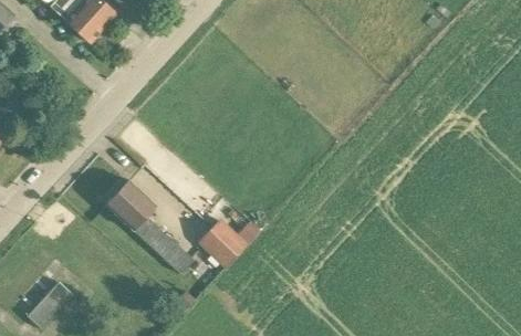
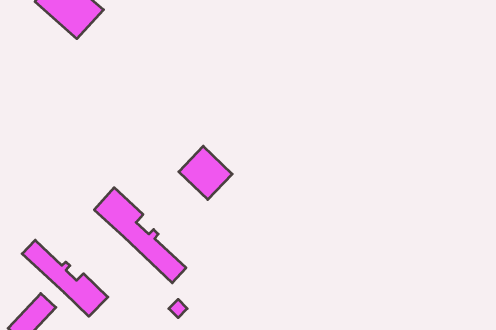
building: [199,213,250,264] -> [179,146,232,200]
building: none -> [22,240,108,316]

